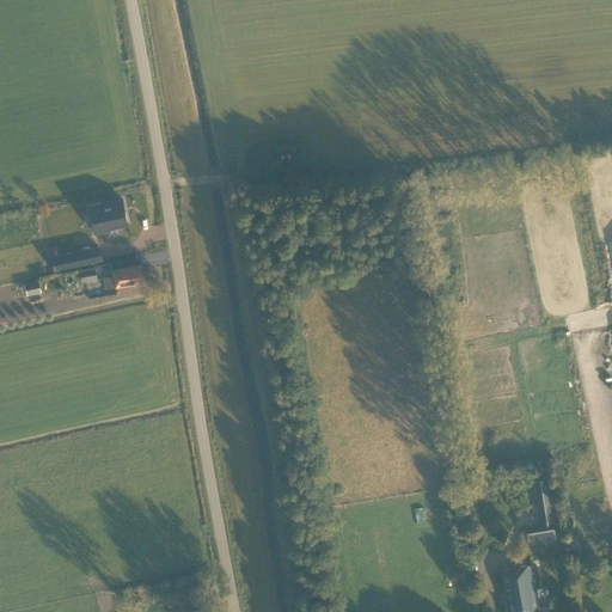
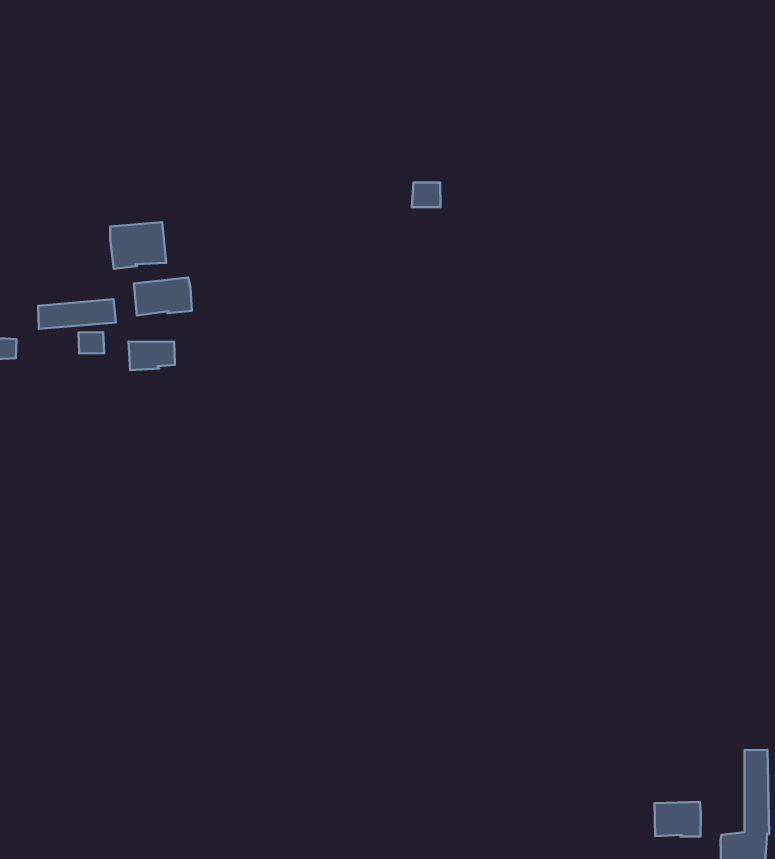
building: none -> [134,278,192,315]
building: none -> [655,802,701,837]

